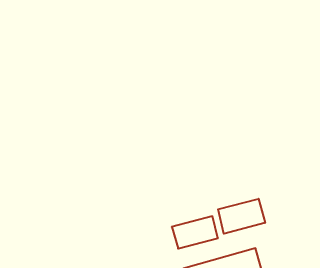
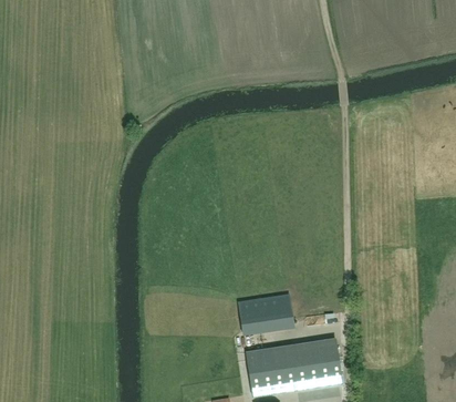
building: [218,199,265,234] -> none

